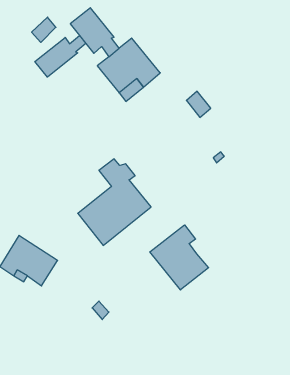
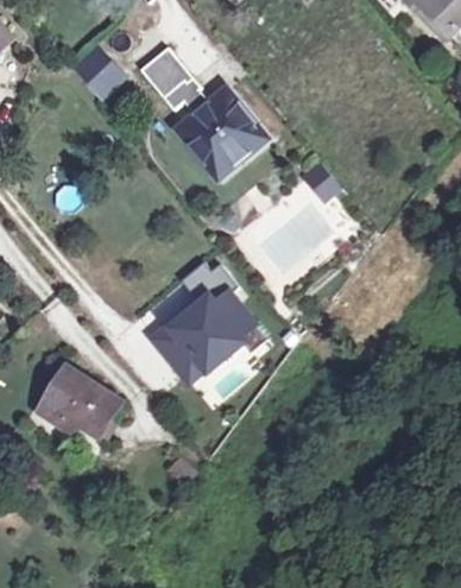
building: [35,35,86,77] -> none
building: [150,225,209,290] -> none

